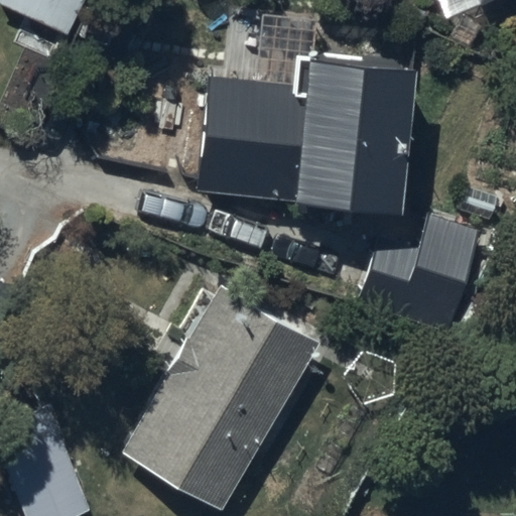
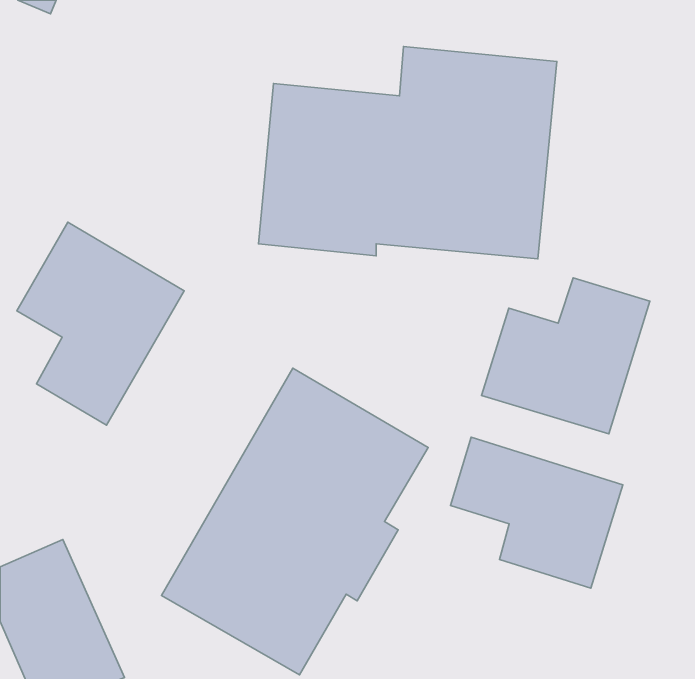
building: none -> [17,222,184,425]
building: none -> [450,437,623,588]

